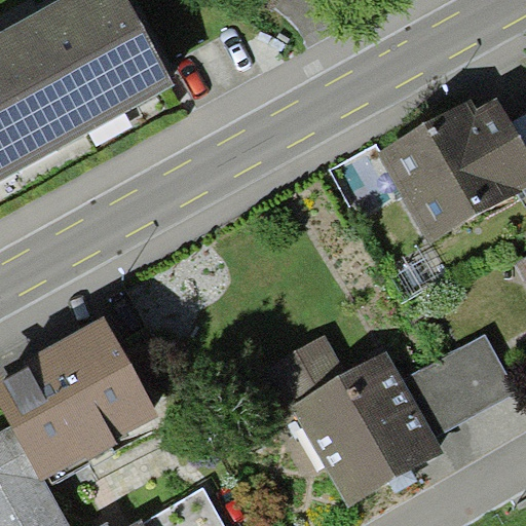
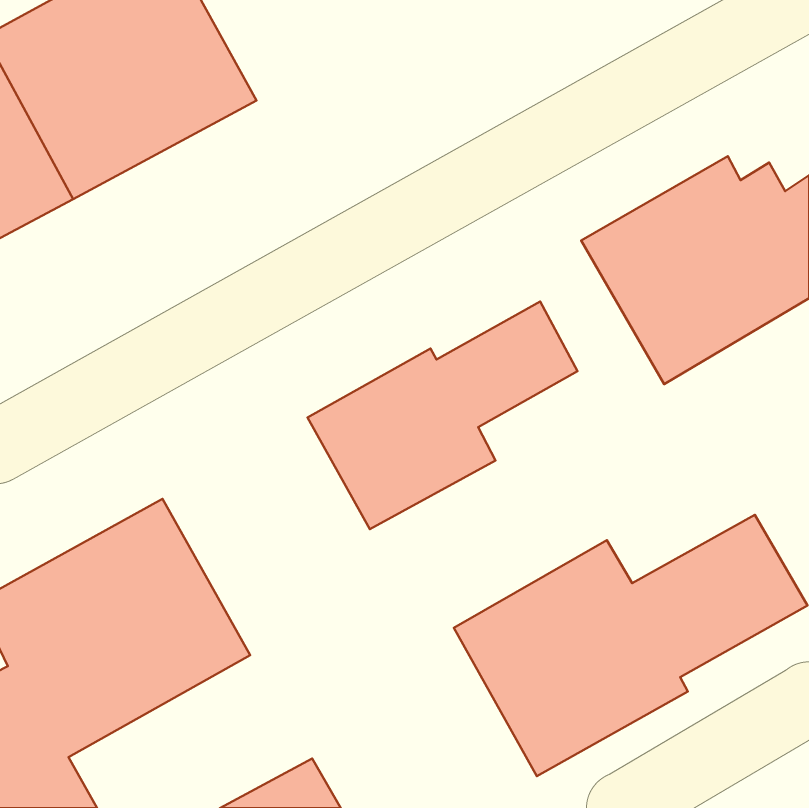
building: none -> [308,302,578,529]

